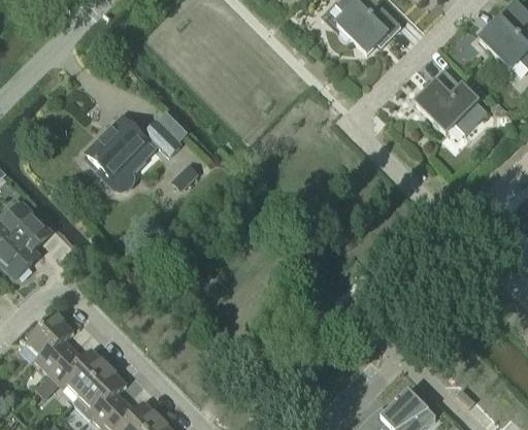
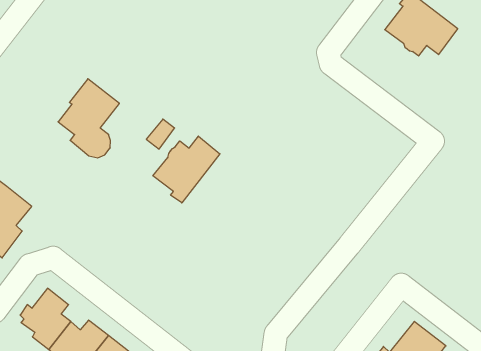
building: [143,111,185,156] -> none
building: none -> [153,136,220,203]

